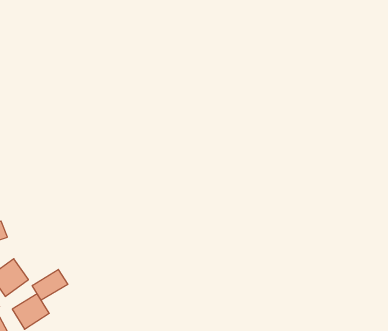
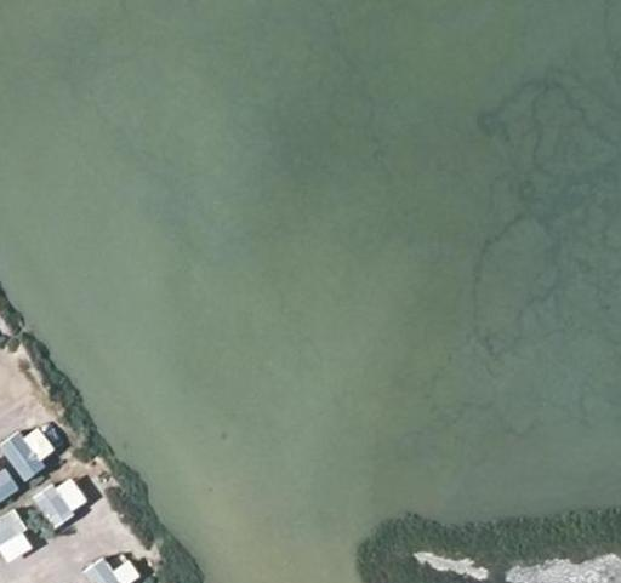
building: [32,269,68,300] -> none

